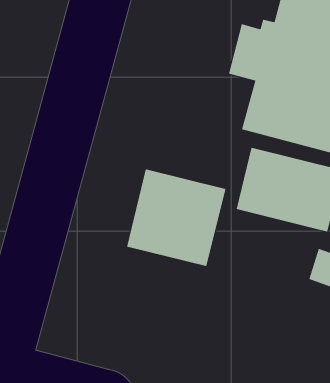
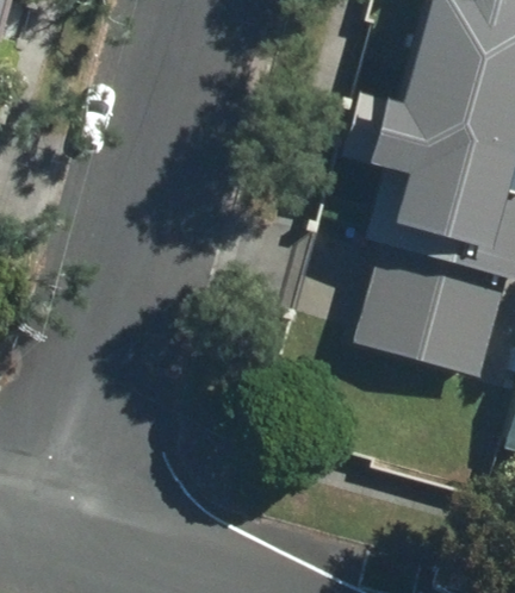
building: [127,168,226,267] -> none

